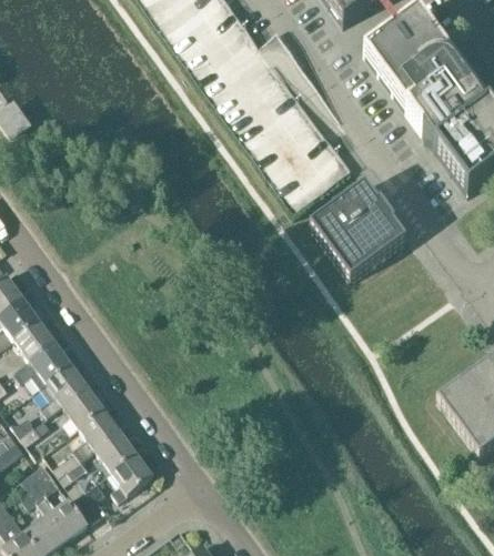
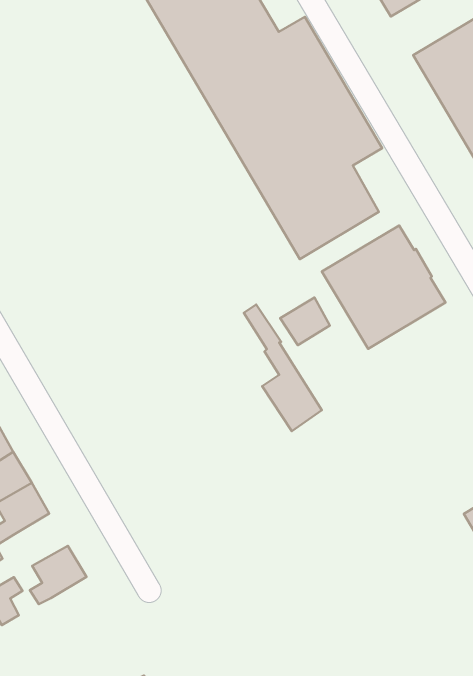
building: none -> [280,298,330,345]
building: none -> [244,305,322,431]
building: [92,424,134,465] -> none

